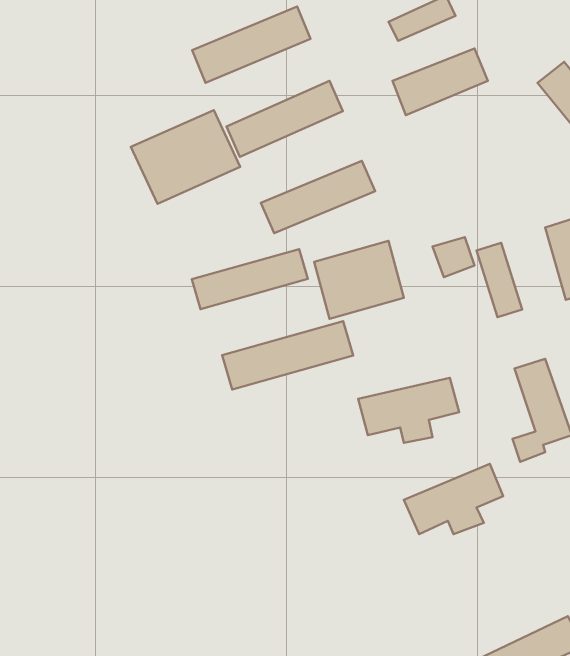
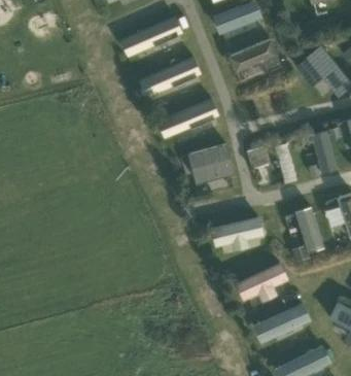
building: [131,110,240,204] -> none
building: [192,249,308,309] -> none
building: [222,321,353,389] -> none
building: none -> [253,303,310,343]

